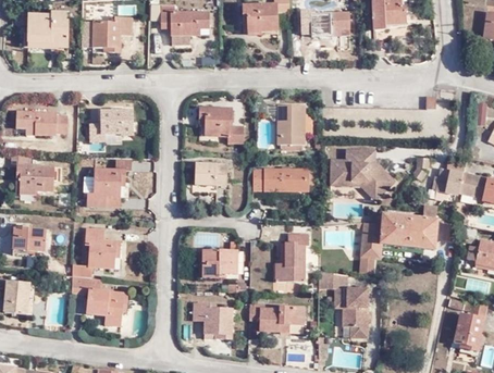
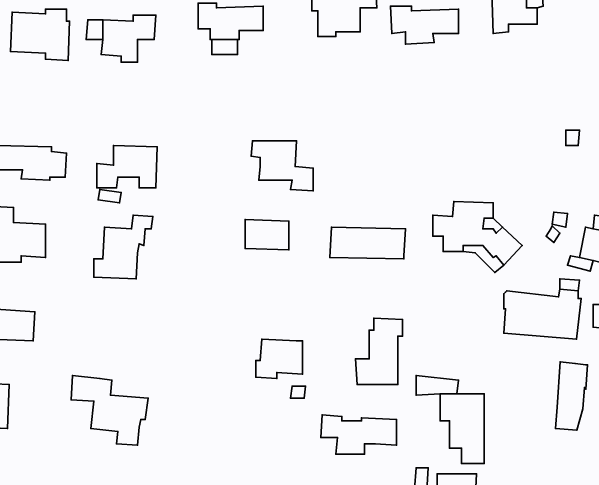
building: [279,105,306,151] -> none
building: [360,225,383,274] -> [556,362,587,430]
building: [72,227,120,277] -> none
building: [194,302,232,339] -> none

